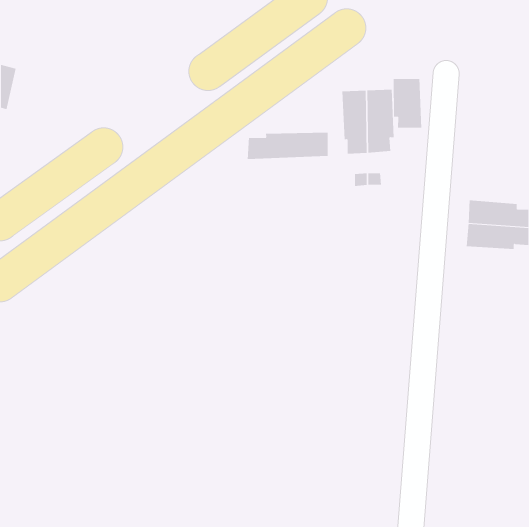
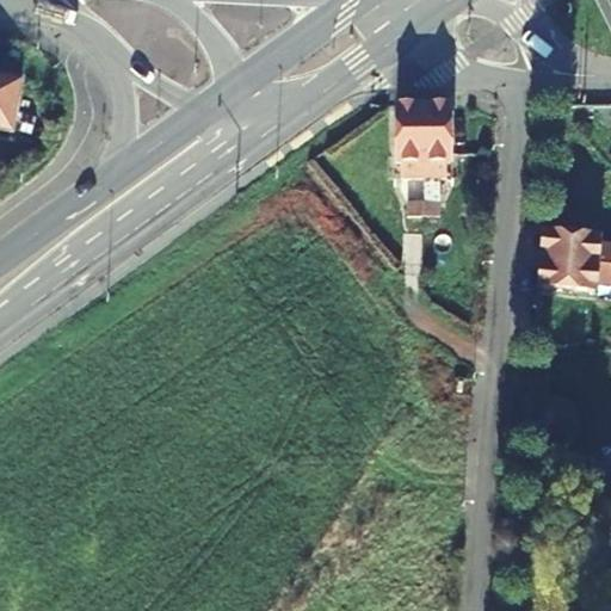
building: [393,78,422,129] -> none
building: [247,132,328,160] -> none

